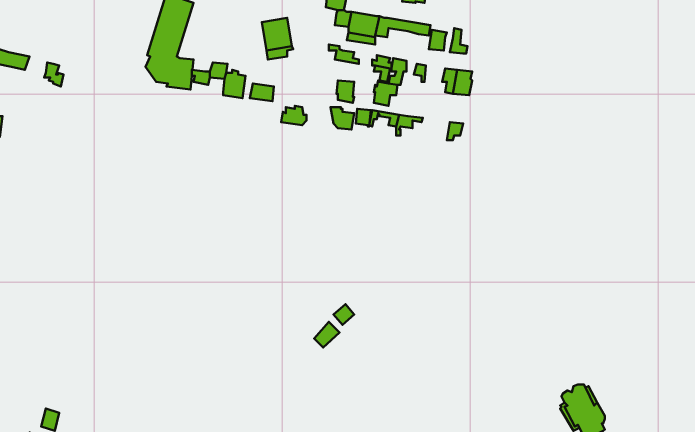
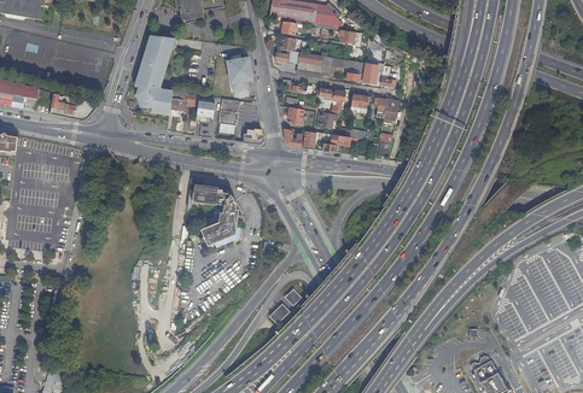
building: none -> [197,184,240,247]

